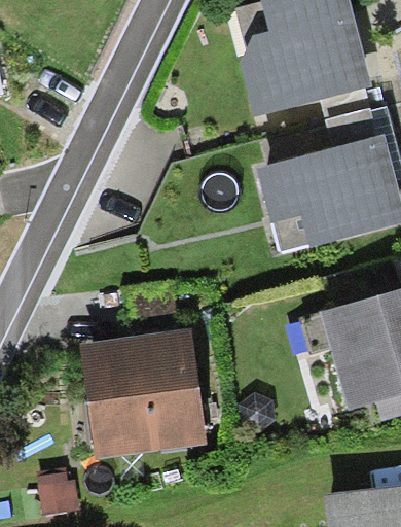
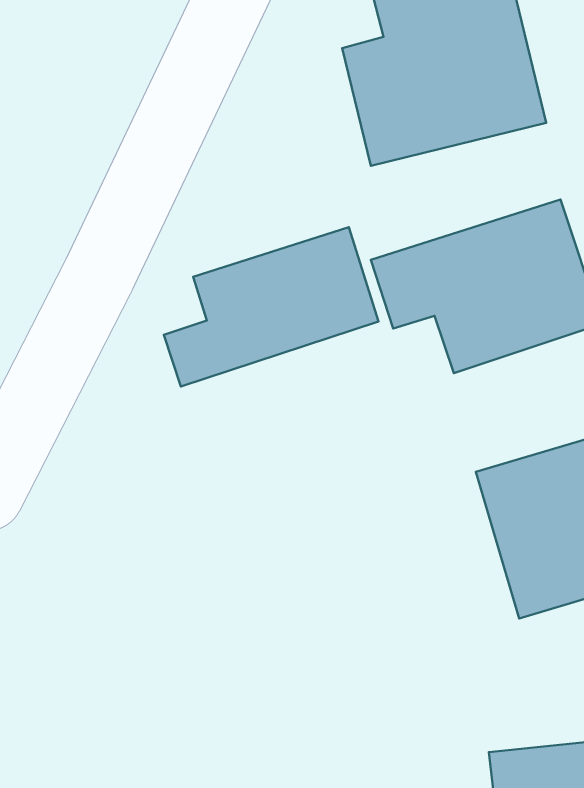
building: none -> [164,227,379,387]
building: [85,281,207,451] -> none

